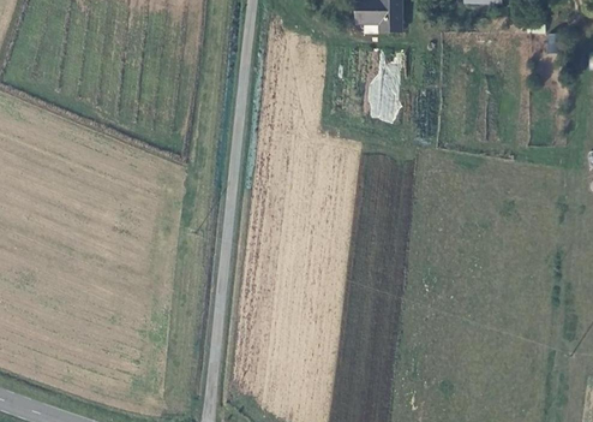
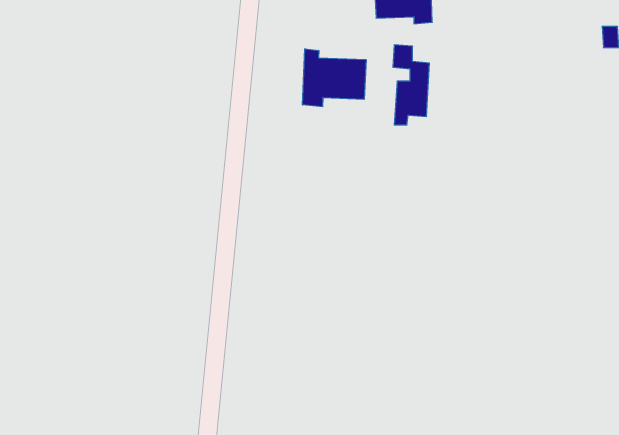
building: none -> [303,49,366,107]

